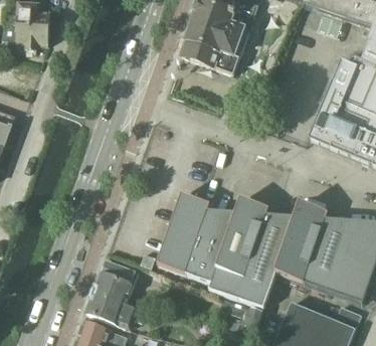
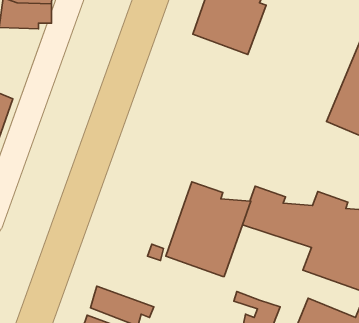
building: [209,232,294,307] -> none
building: [93,256,150,309] -> none

